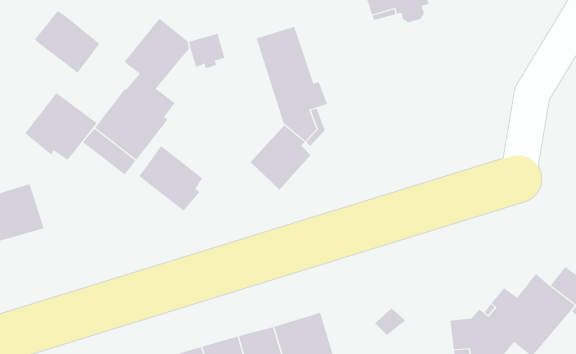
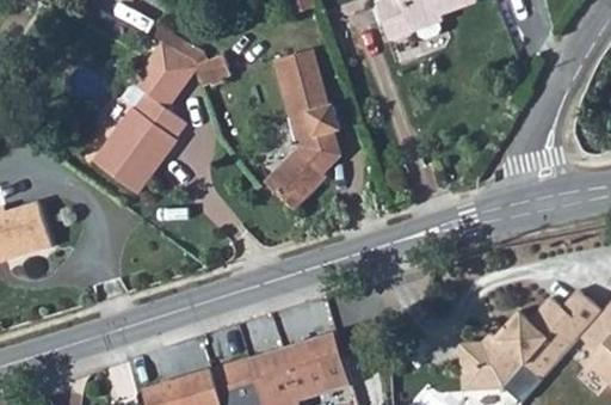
building: [34,10,100,74] -> none
building: [24,92,97,161] -> none
building: [138,145,203,212] -> none

